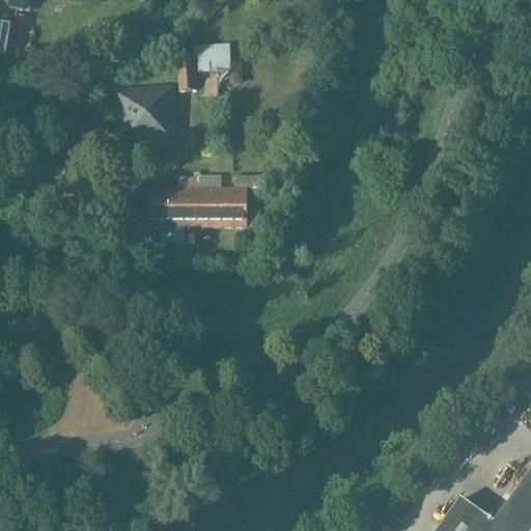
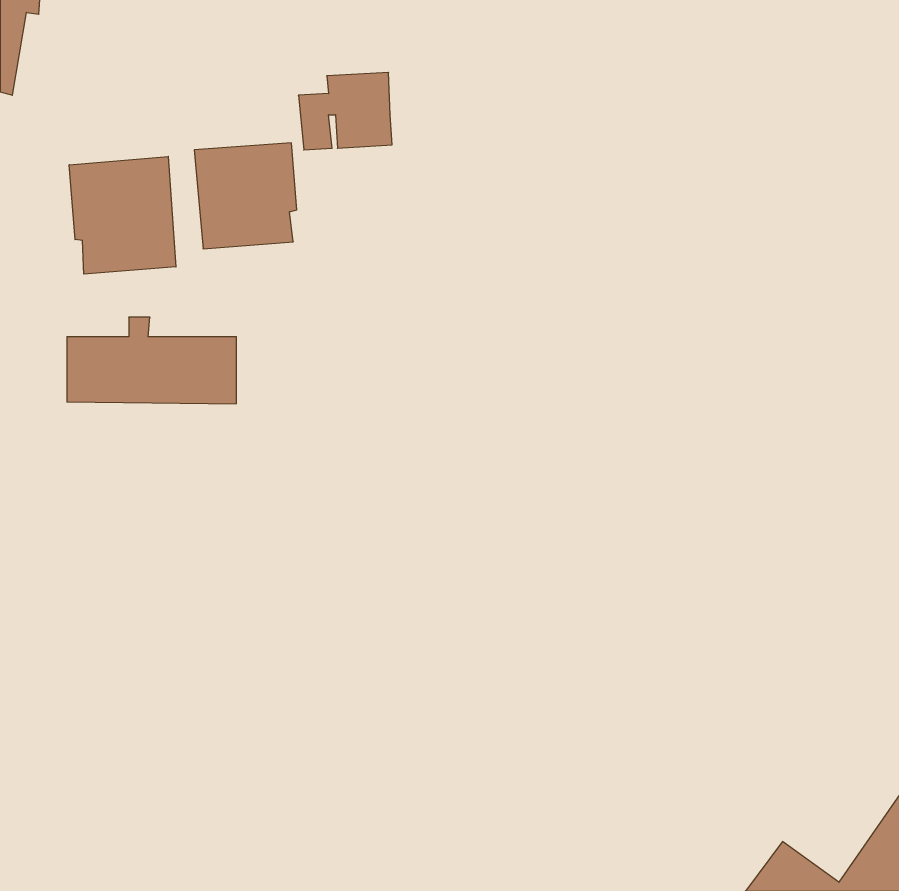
building: none -> [69,156,176,274]
building: [149,174,249,225] -> [67,317,236,404]

